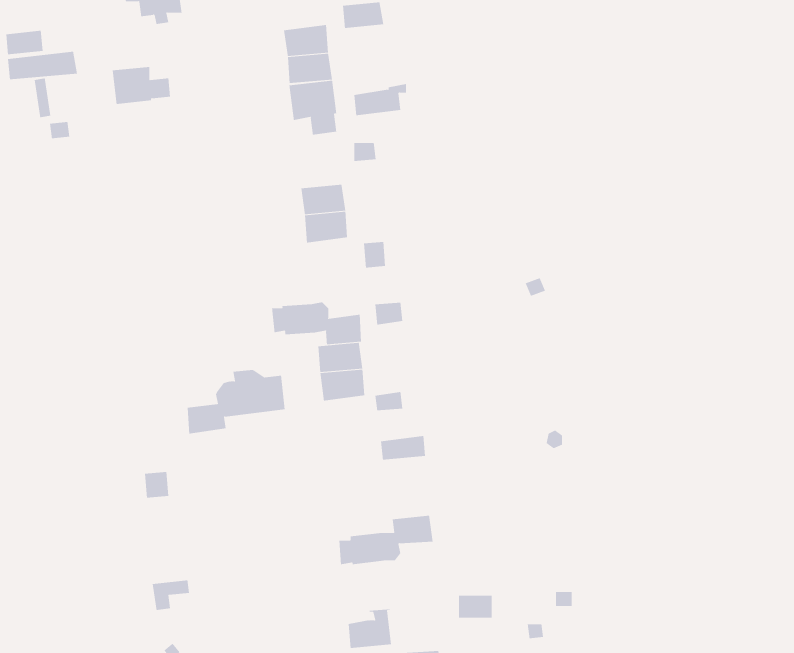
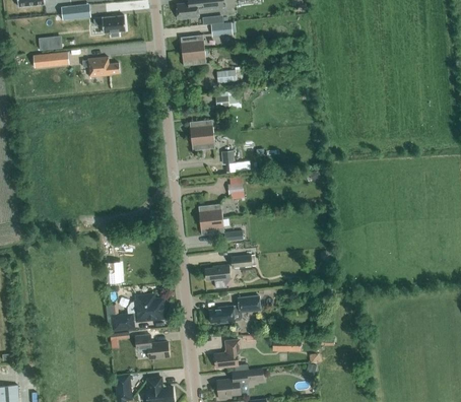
building: [289,80,337,135] -> none
building: [271,301,362,345] -> none
building: [187,370,286,434] -> [112,294,164,329]
building: none -> [205,264,229,287]
building: none -> [135,333,169,357]

